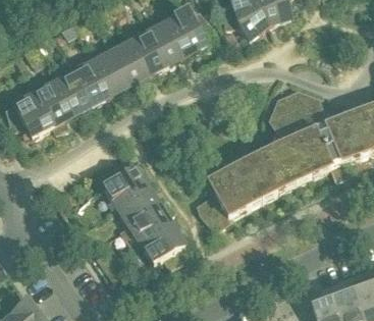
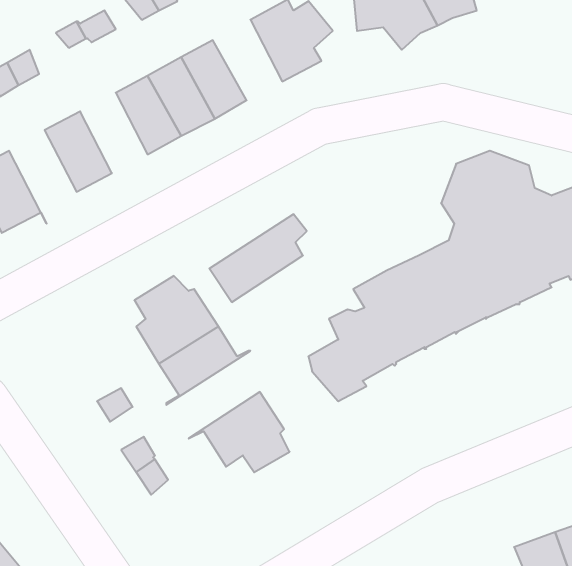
building: [147,19,184,63] -> none
building: [69,49,111,103] -> none
building: [36,79,72,130] -> none
building: [121,200,174,248] -> [209,214,307,302]

